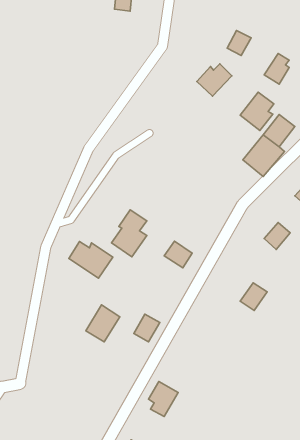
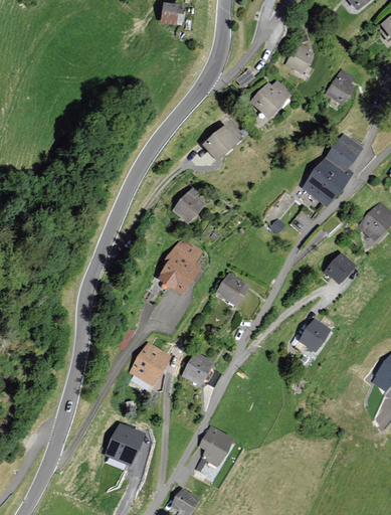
building: [240,92,274,131] -> none
building: none -> [203,126,237,159]
building: none -> [174,189,203,222]
building: [69,242,113,278] -> none
building: none -> [108,425,143,465]

